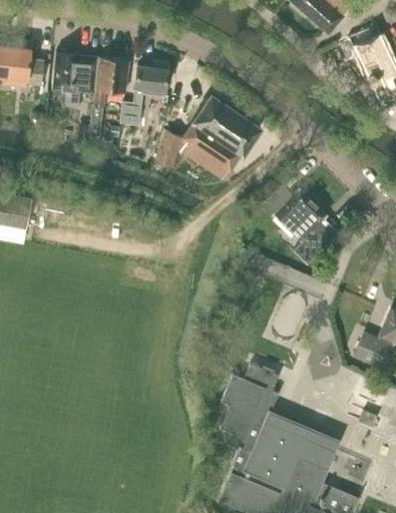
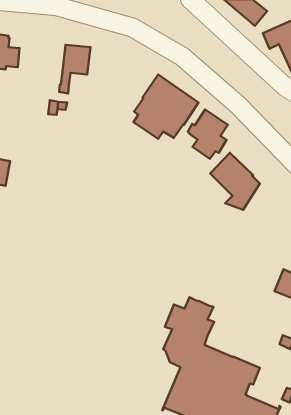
building: [52,50,99,108] -> none
building: [120,66,168,126] -> none
building: [155,130,181,169] -> none
building: none -> [188,110,228,159]

